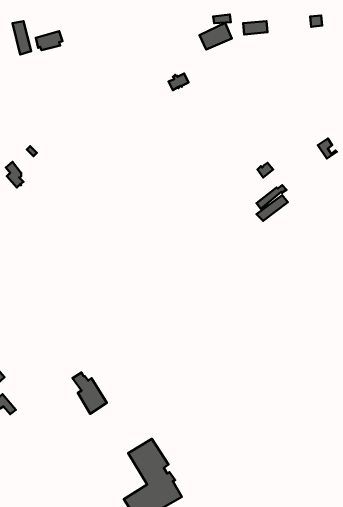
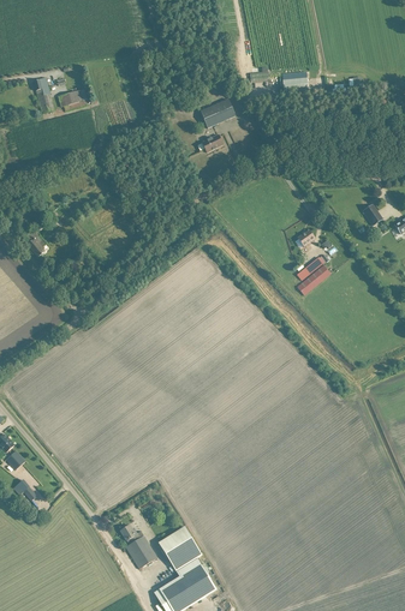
building: [200,23,232,50] -> [201,98,236,127]
building: [72,373,107,414] -> [120,525,157,569]

